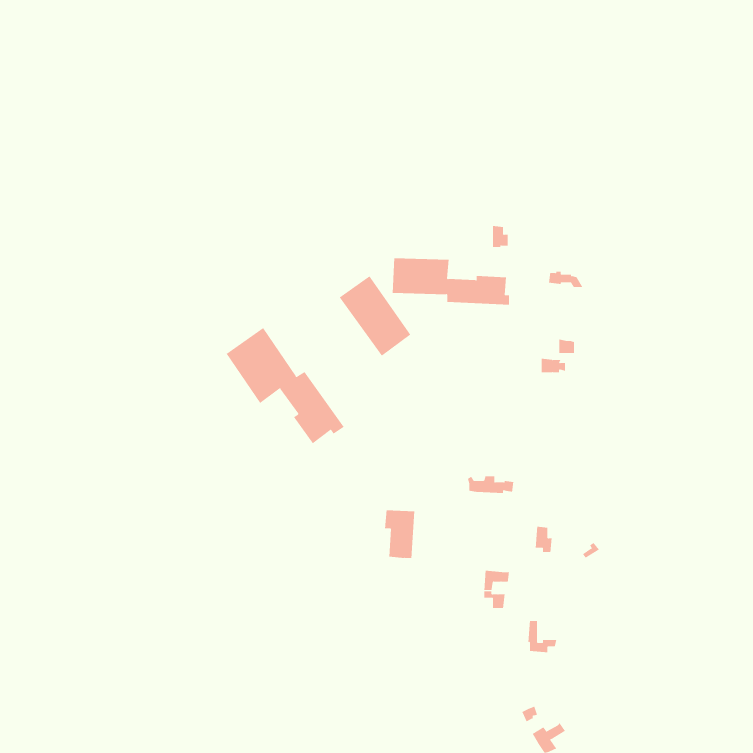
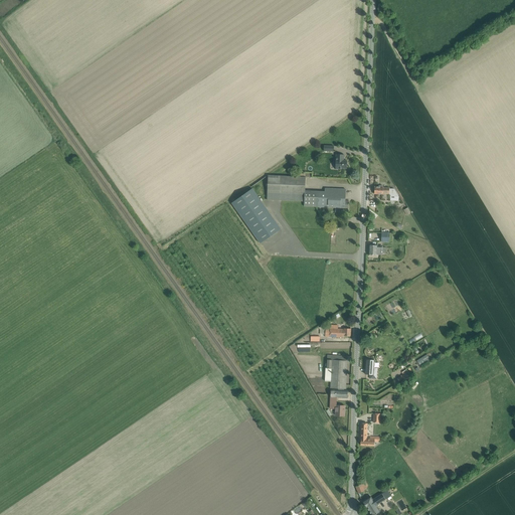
building: [226,327,344,444] -> none
building: [384,510,415,558] -> [327,355,348,388]

